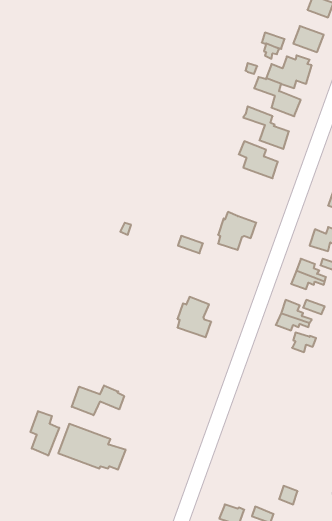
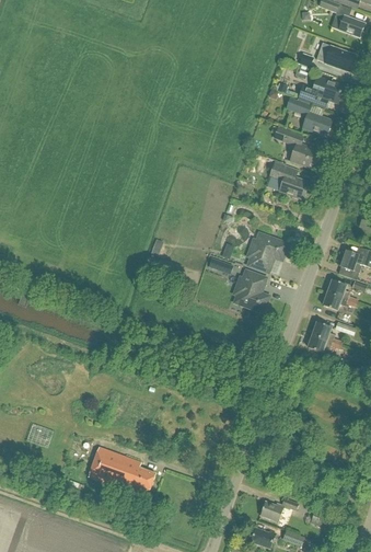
building: [177,297,211,337] -> [234,269,268,310]
building: [72,385,124,415] -> none
building: [30,411,59,456] -> none
building: none -> [259,497,298,521]

